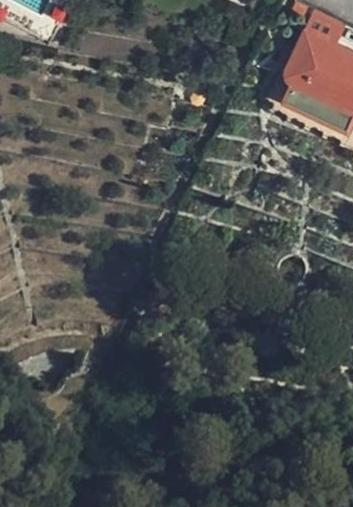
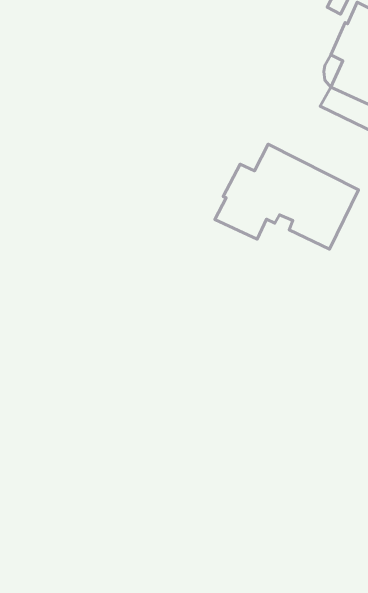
building: none -> [215,144,358,249]

